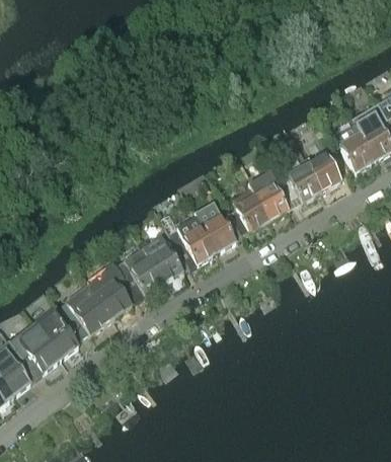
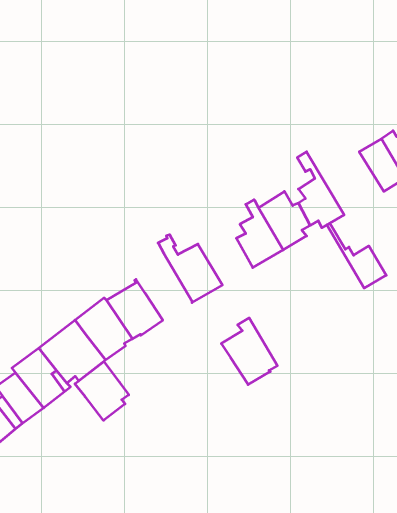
building: [289,135,340,190] -> [327,224,386,288]
building: [194,204,242,251] -> none
building: [141,224,189,282] -> [221,318,277,385]
building: none -> [75,362,129,420]

